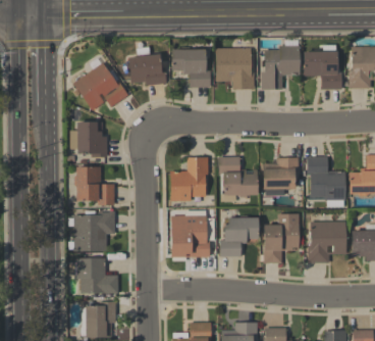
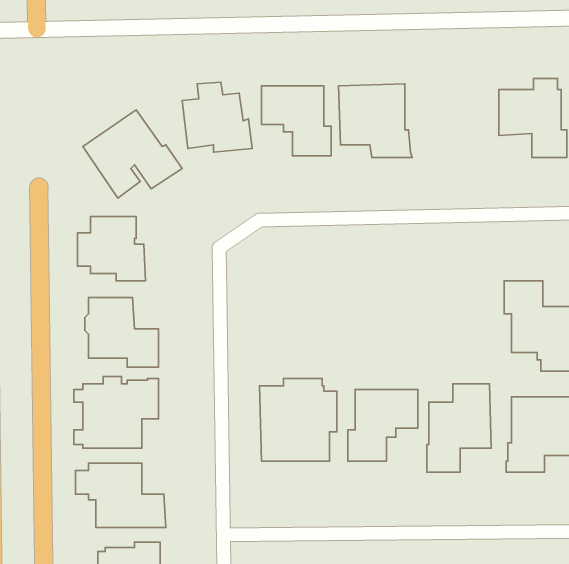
building: [261,46,301,90] -> none
building: [170,157,209,202] -> none
building: [219,157,258,197] -> none
building: [263,158,299,196] -> none

